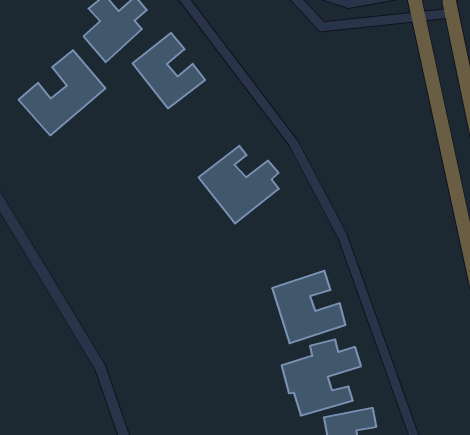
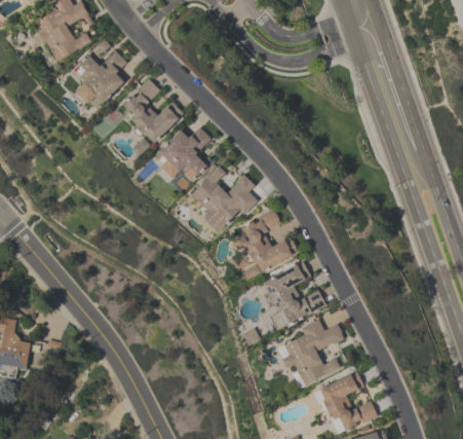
building: [19,50,105,135] -> none
building: none -> [158,127,210,183]
building: none -> [234,212,298,273]

